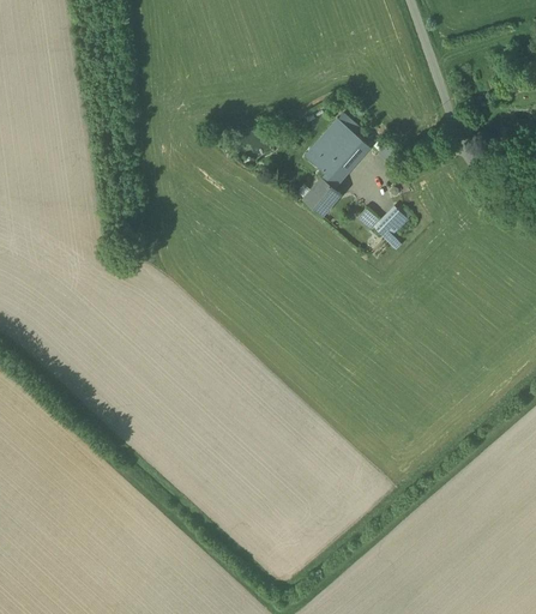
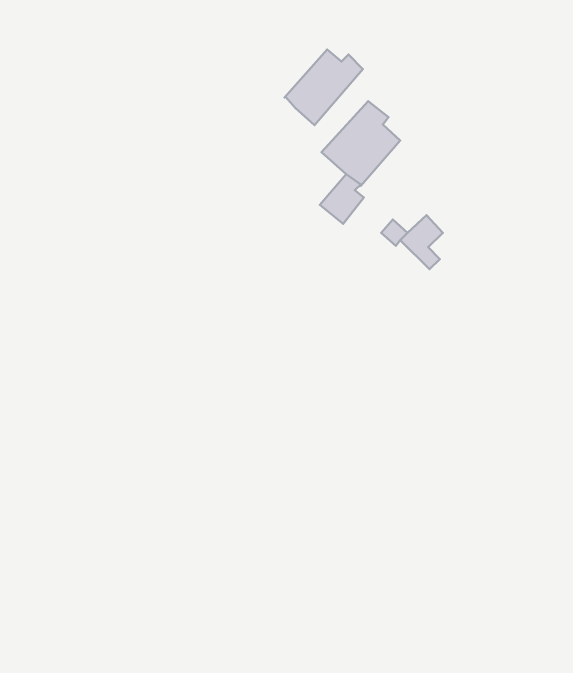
building: none -> [285,50,363,125]

